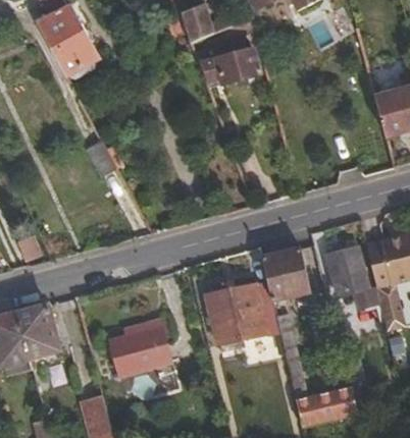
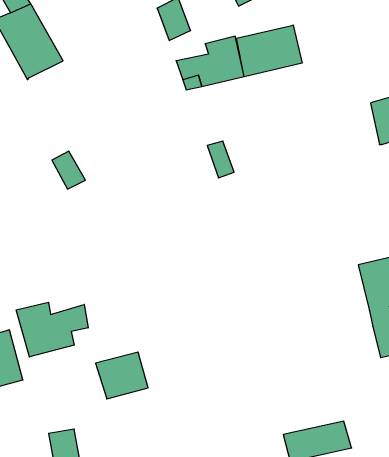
building: none -> [236,25,302,77]
building: [327,249,378,307] -> none
building: [261,250,309,302] -> none
building: none -> [16,302,88,357]
building: [205,282,265,342] -> none

